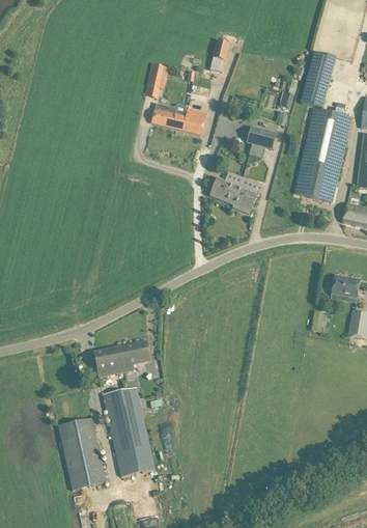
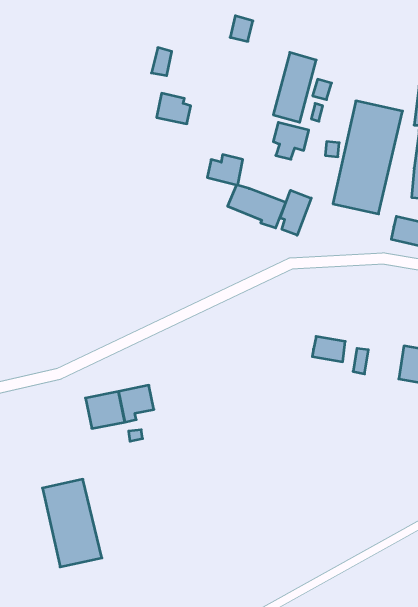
building: [302,50,337,107] -> [273,52,316,122]
building: [176,108,205,133] -> [207,155,243,185]
building: none -> [280,190,311,235]
building: [333,275,360,296] -> [312,336,345,362]
building: [104,387,153,475] -> none

